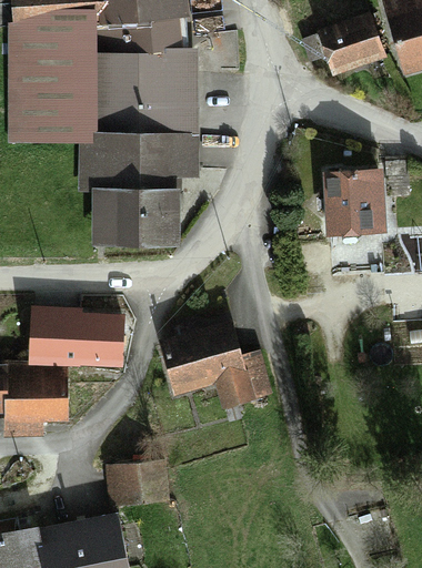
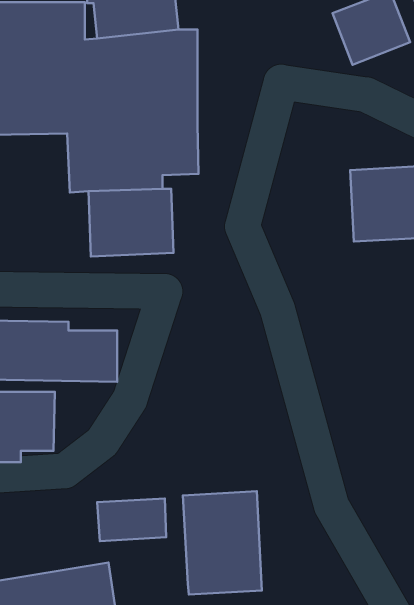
building: [160,323,277,409] -> none
building: none -> [183,491,262,594]

